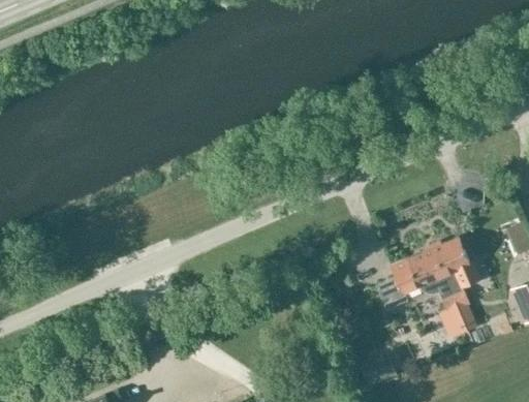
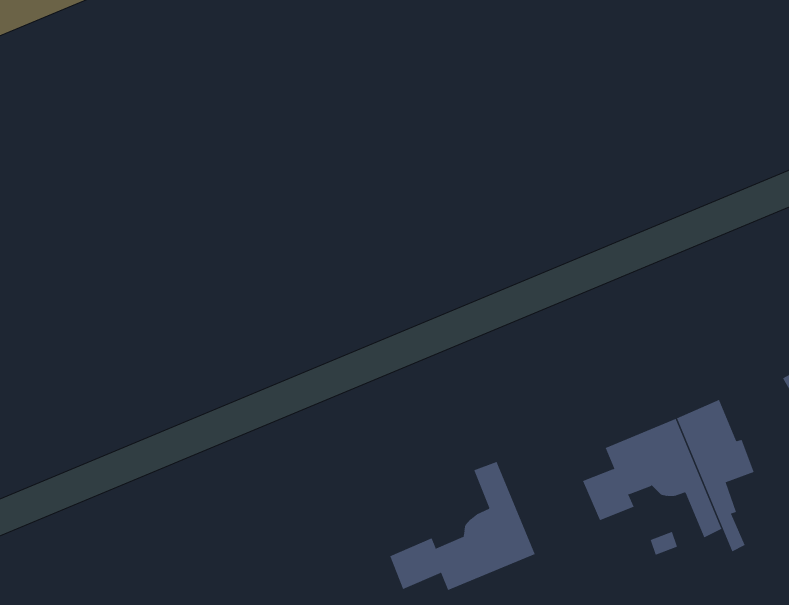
building: none -> [389,442,536,591]

